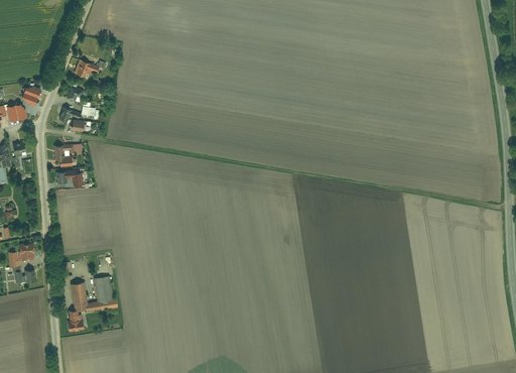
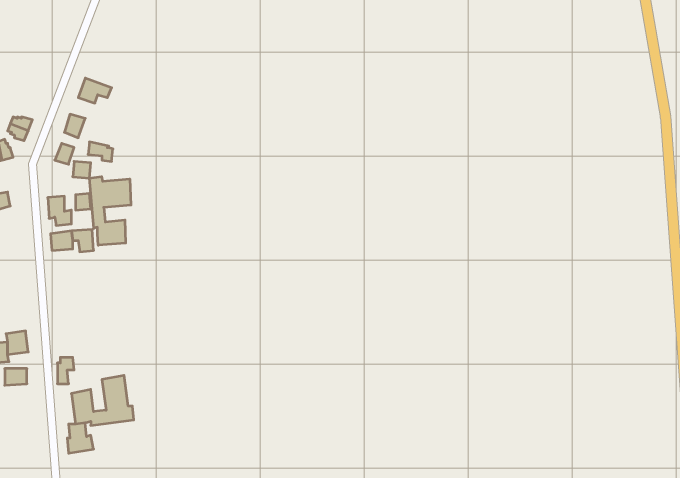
building: none -> [89,177,131,245]

